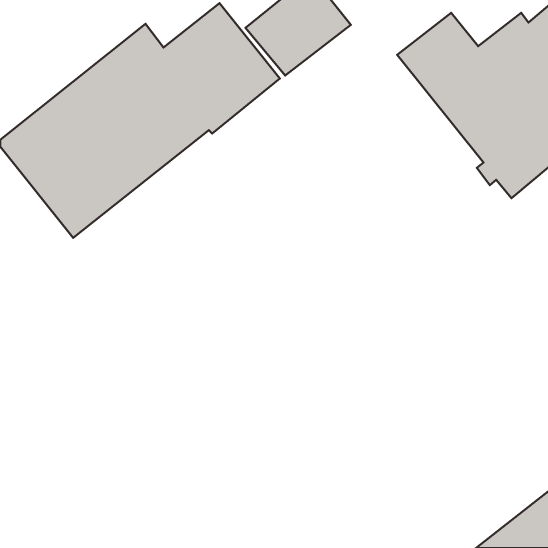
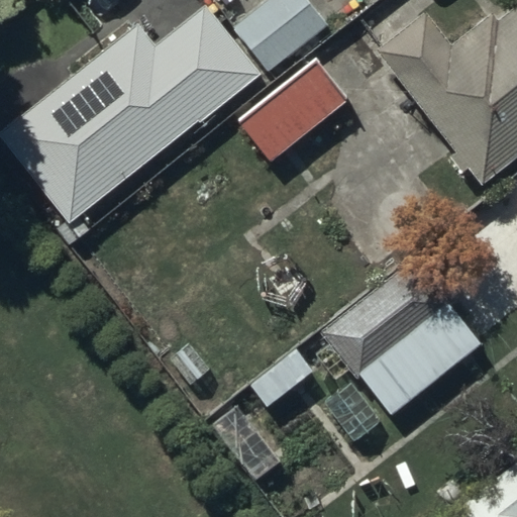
building: none -> [236,55,352,164]
building: none -> [322,256,483,416]

